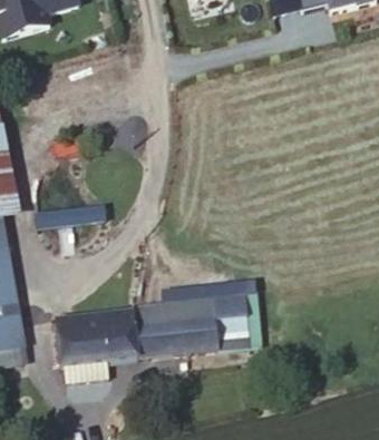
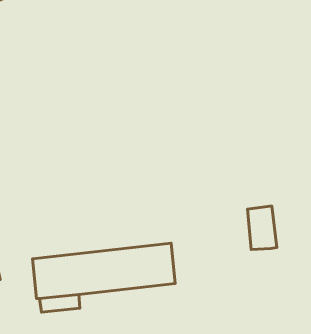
building: [218,299,252,348] -> [247,206,277,250]

